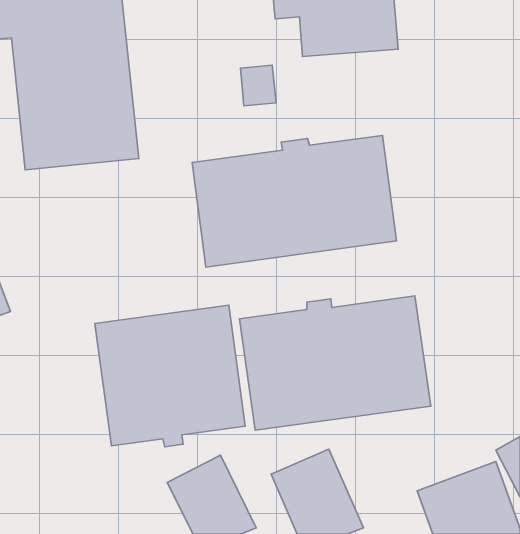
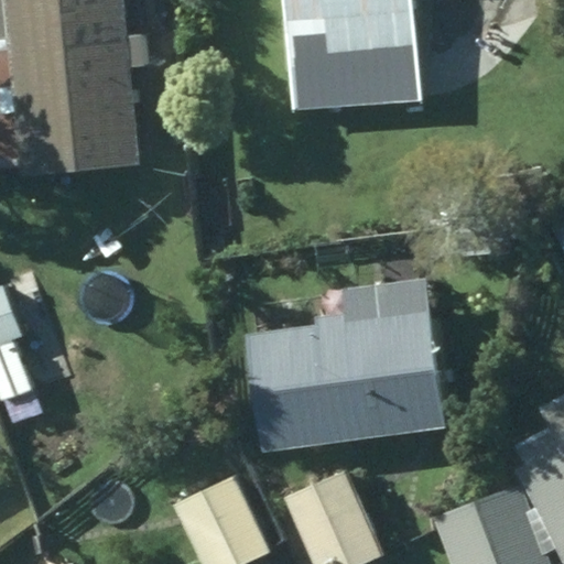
building: [192,135,397,267] -> none
building: [95,305,245,447] -> none

